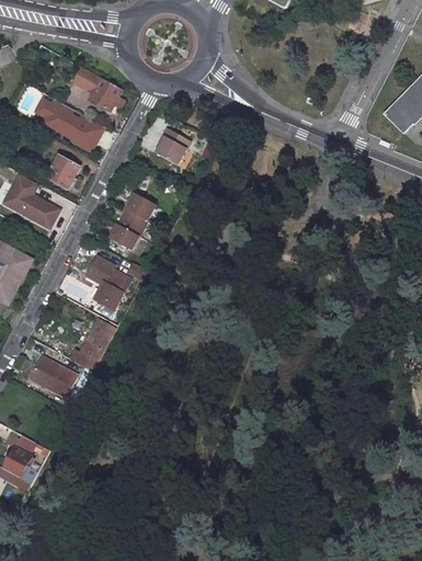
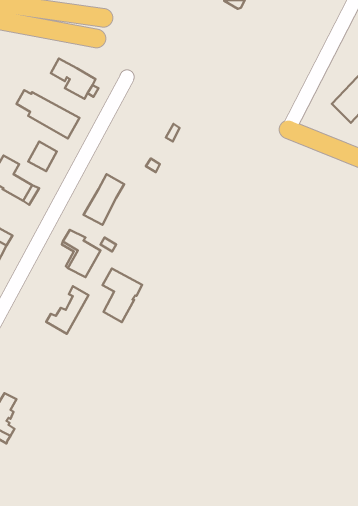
building: [155,126,189,163] -> none
building: none -> [102,268,142,322]
building: [27,355,76,397] -> none

